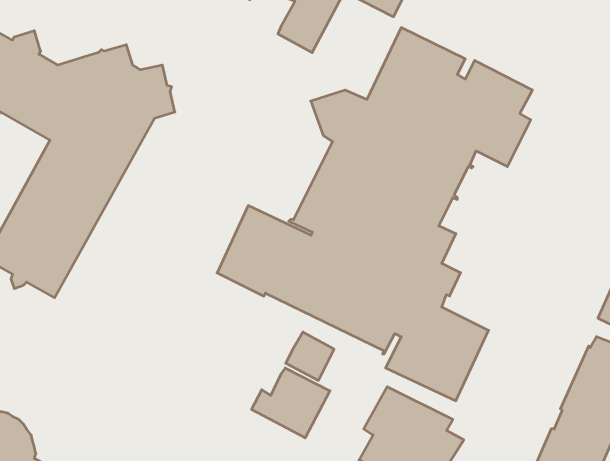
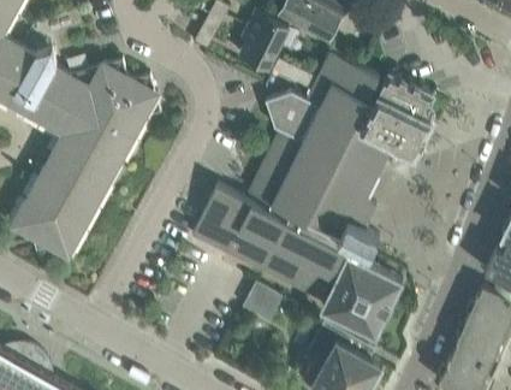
building: [252,368,330,438] -> none

